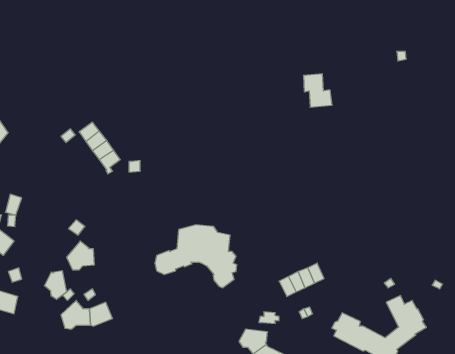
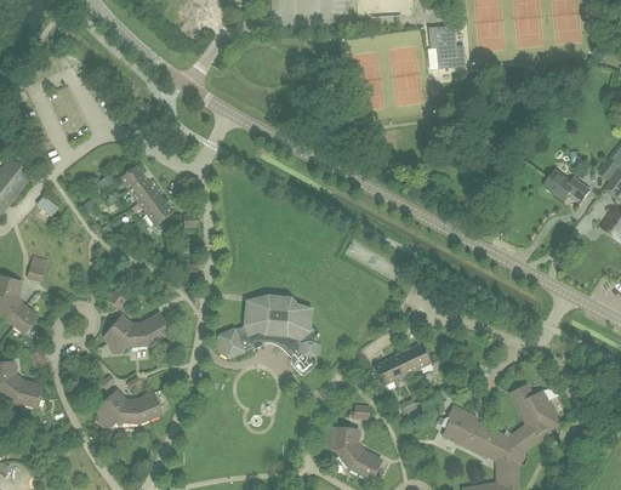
building: [303,74,332,107] -> [429,24,466,67]
building: none -> [545,170,589,200]
building: none -> [138,312,170,344]
building: [44,271,67,299] -> none

